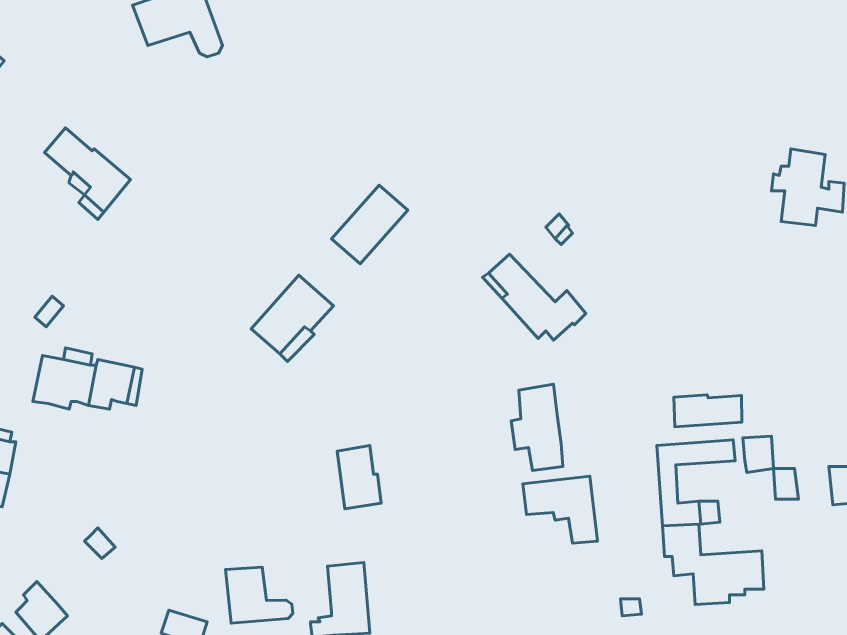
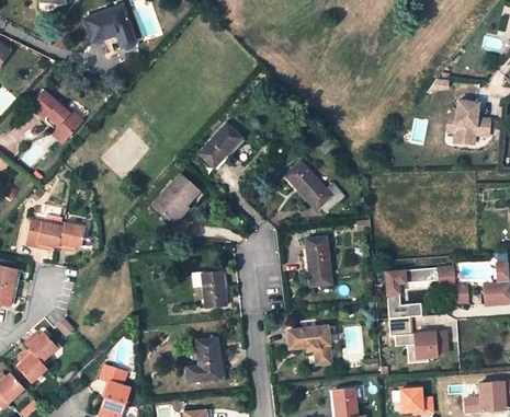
building: [674,395,742,427] -> none
building: [523,476,597,543] -> [288,326,331,364]
building: none -> [24,332,58,362]
building: [226,567,293,623] -> none

